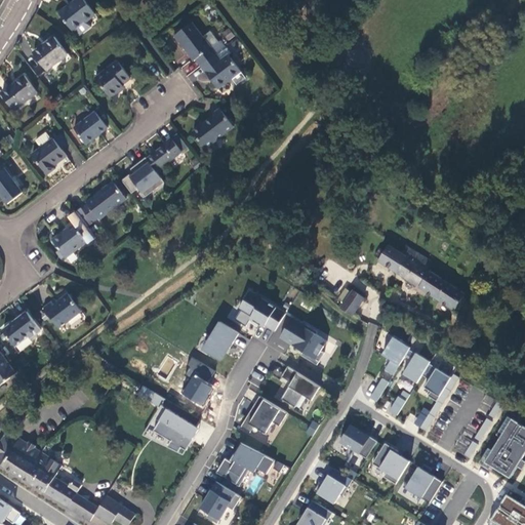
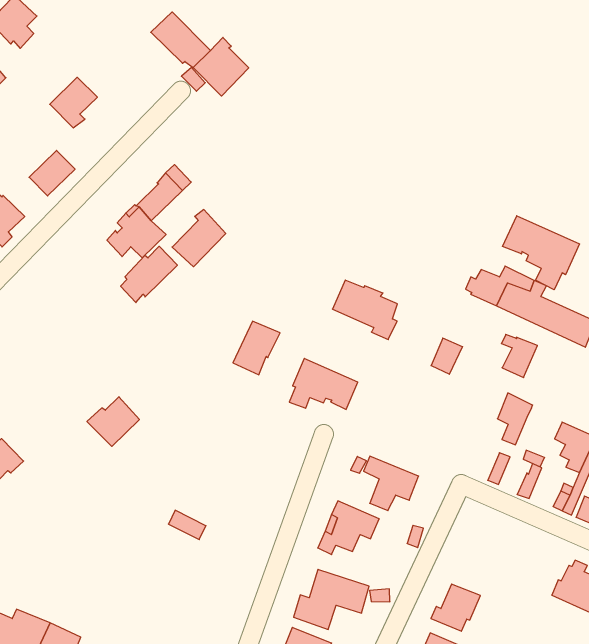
building: [193,112,233,152] -> [172,210,226,267]
building: [82,187,125,225] -> [121,246,177,303]
building: none -> [503,216,580,290]
building: [52,215,94,259] -> none
building: [41,295,79,330] -> [87,397,139,446]
building: [280,317,327,364] -> [332,280,397,340]
building: [202,322,239,361] -> [233,321,280,375]
building: [402,349,430,381] -> [501,334,537,378]
building: [179,357,214,407] -> none
building: [153,407,199,452] -> none
building: [339,422,369,452] -> none
building: [371,442,409,483] -> none

